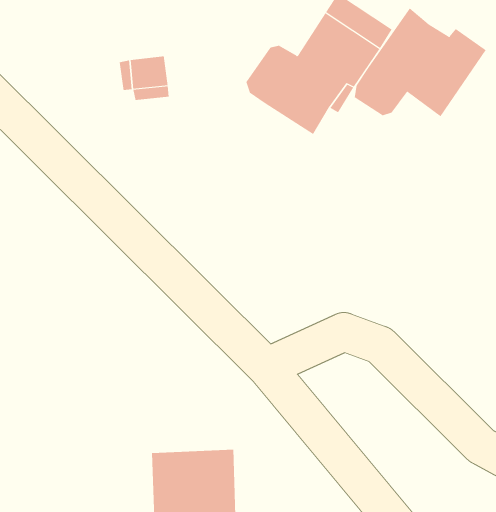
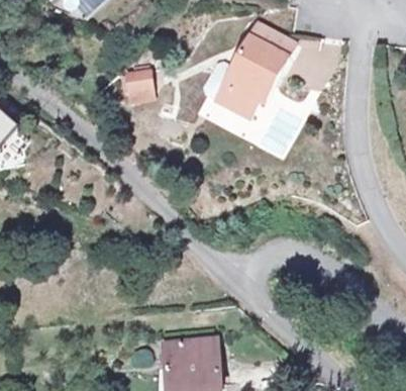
building: [354,7,487,117] -> none

